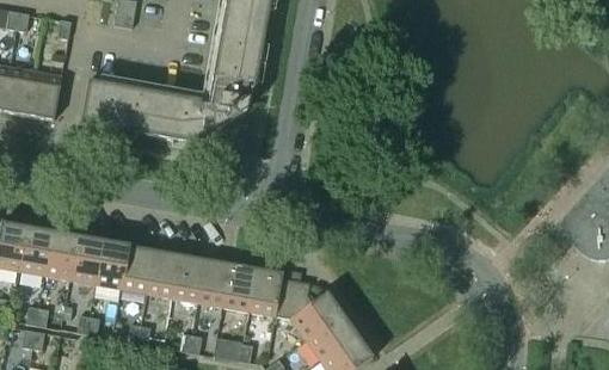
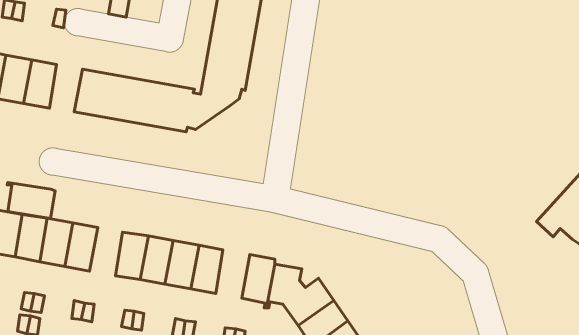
building: none -> [7,182,55,219]
building: [94,239,128,288] -> none
building: [222,261,257,310] -> none

